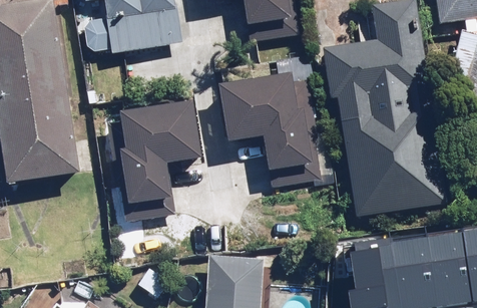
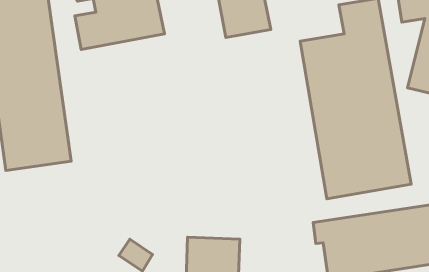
building: [225,76,311,169] -> none
building: [107,97,204,224] -> none

